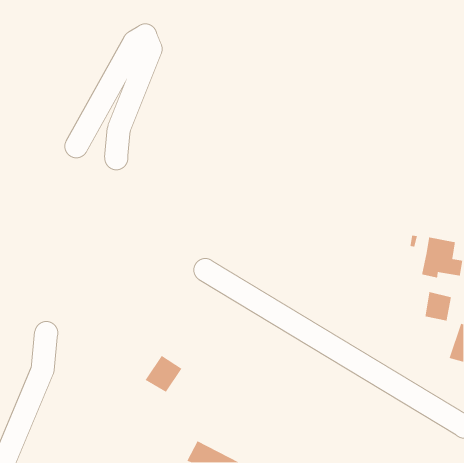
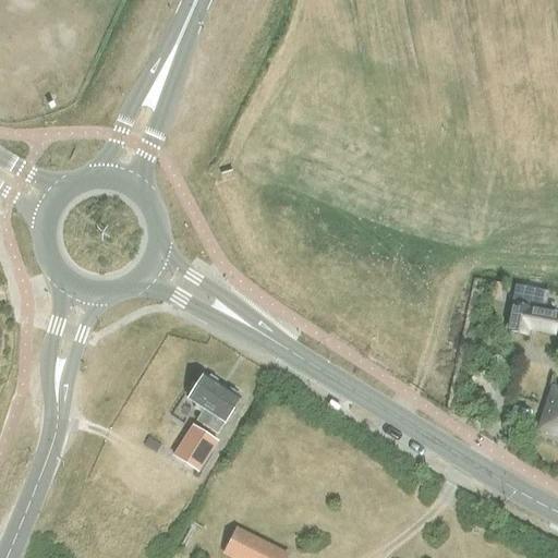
building: [424,291,452,322] -> none
building: none -> [189,375,241,434]

